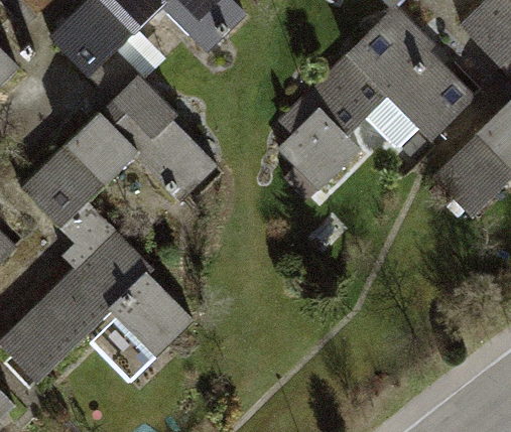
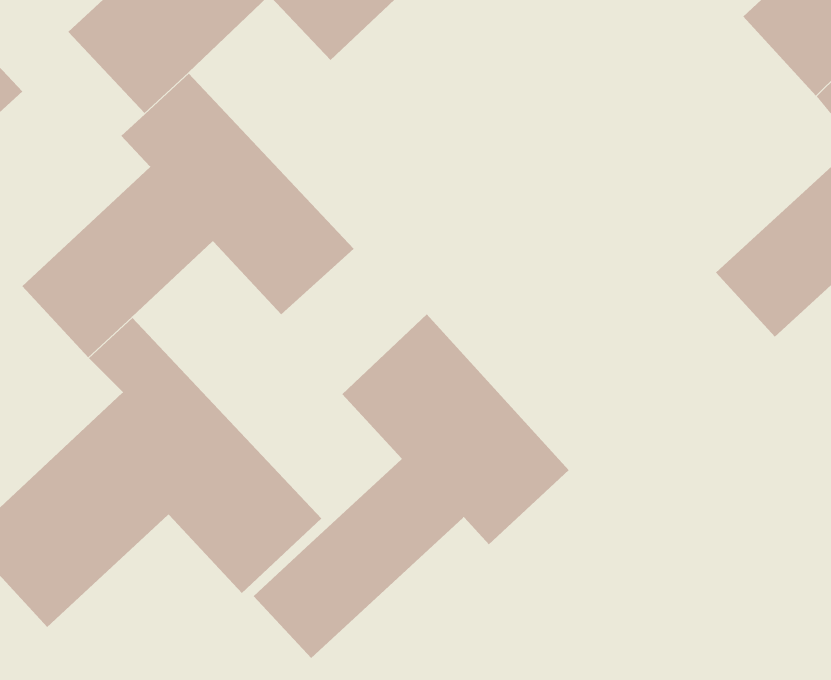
building: [275,33,473,190] -> none
building: none -> [253,314,569,659]

